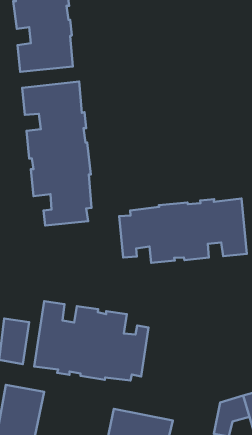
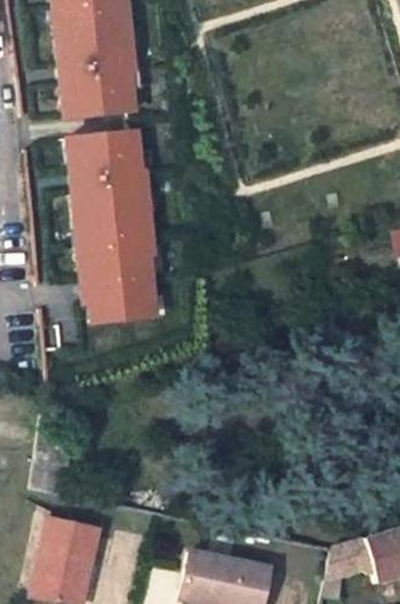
building: [119,199,247,263] -> none
building: [34,301,149,381] -> none

